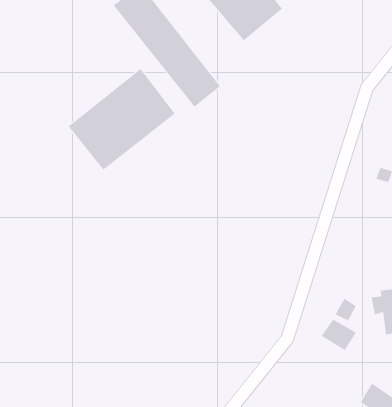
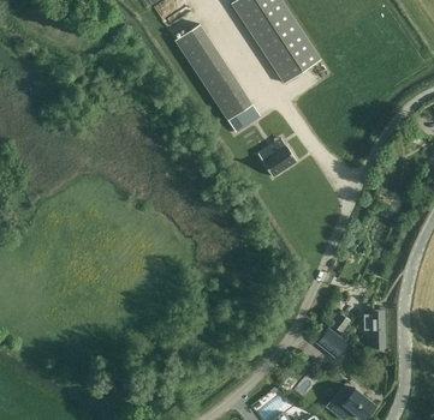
building: [68,68,176,171] -> none
building: none -> [257,145,297,176]

